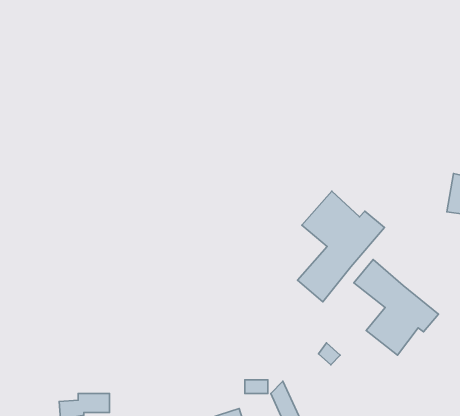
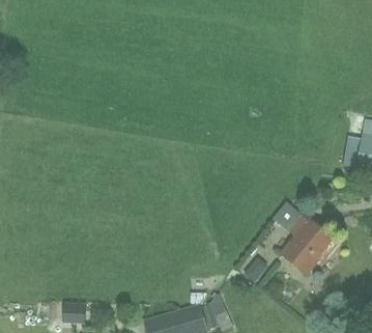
building: [297,191,385,302] -> none

